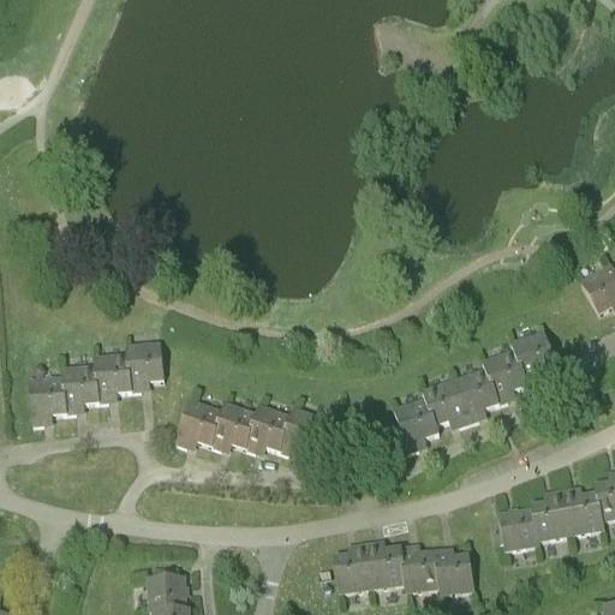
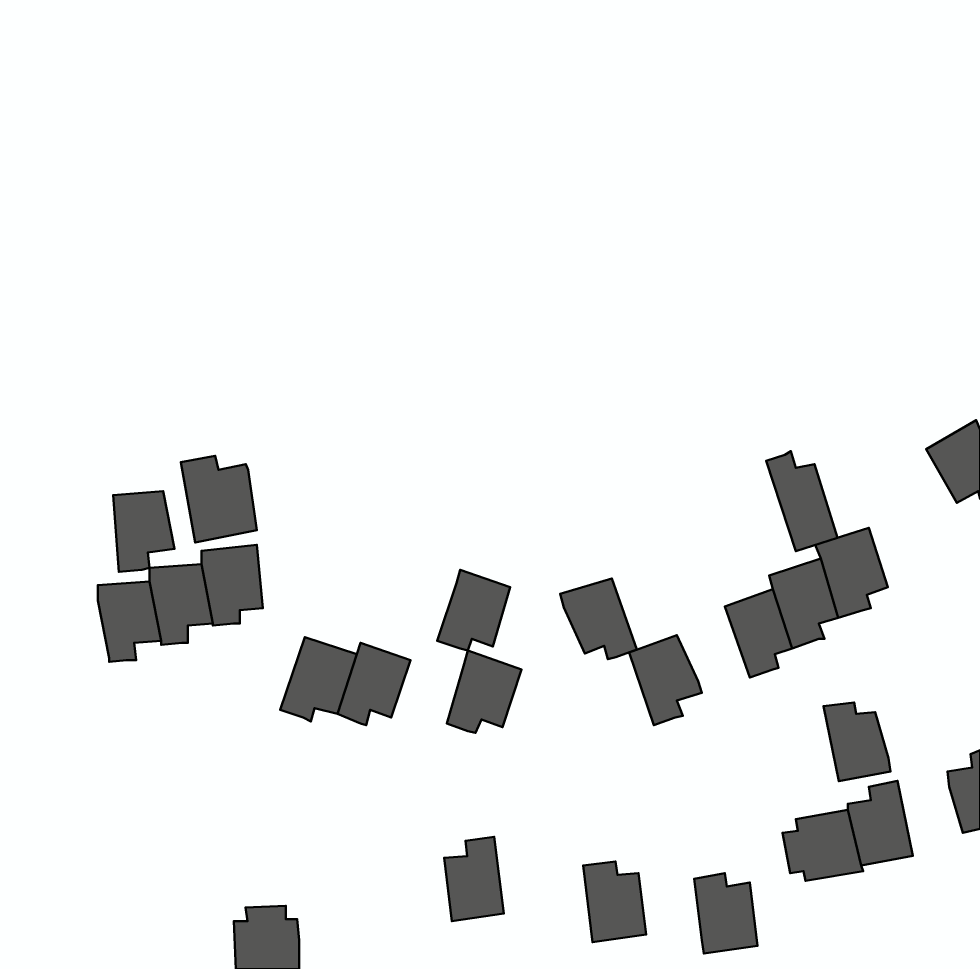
building: none -> [766,451,838,551]
building: none -> [181,456,257,542]
building: [30,376,68,426] -> [113,491,175,572]
building: [422,380,470,430] -> [560,579,637,659]
building: [245,405,291,455] -> [437,570,510,650]
building: [562,486,604,536] -> [823,702,891,781]
building: [334,542,371,595] -> [444,837,504,921]
building: [400,543,440,593] -> none

